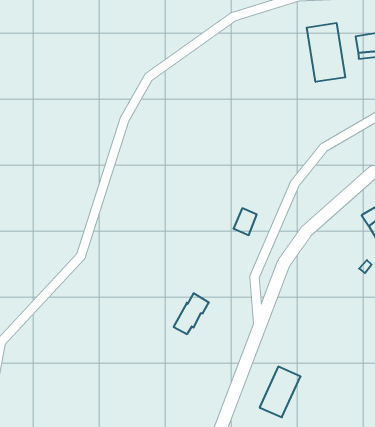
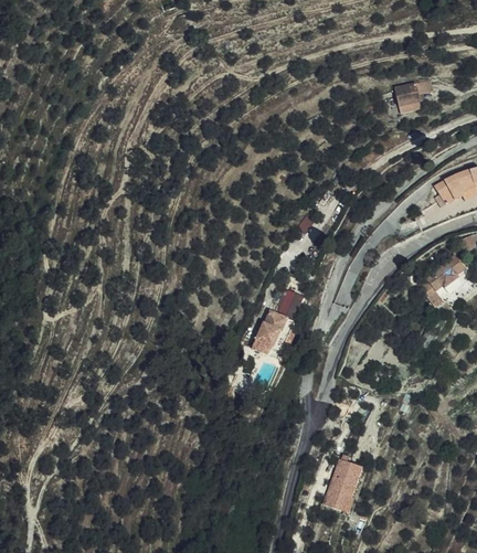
building: [307,23,345,82] -> none
building: [174,293,209,334] -> [250,311,286,357]

